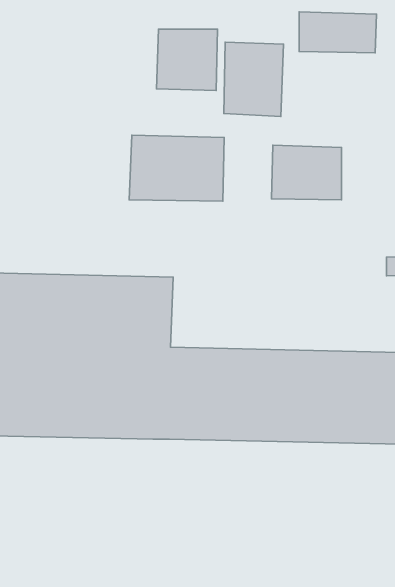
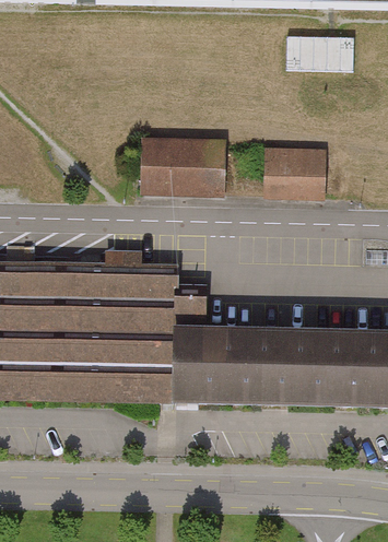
building: [156,29,217,90] -> none
building: [224,42,284,117] -> none

